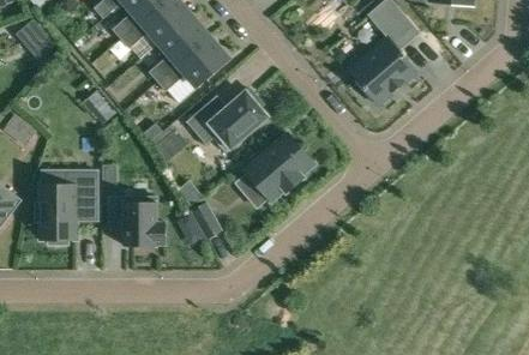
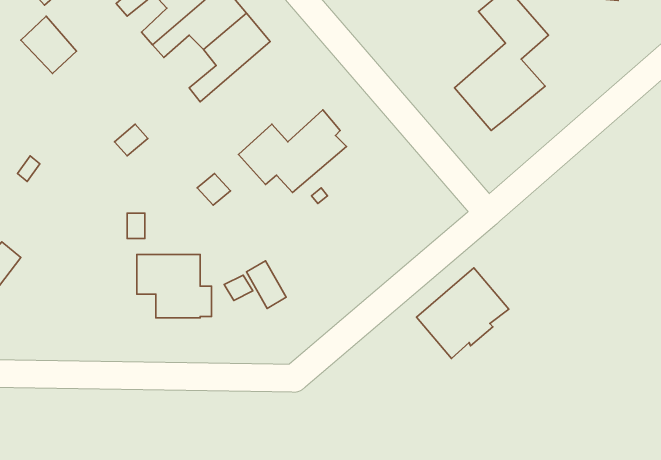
building: [156,36,228,90] -> none
building: [244,132,313,200] -> [417,268,509,358]
building: [35,170,96,243] -> none

